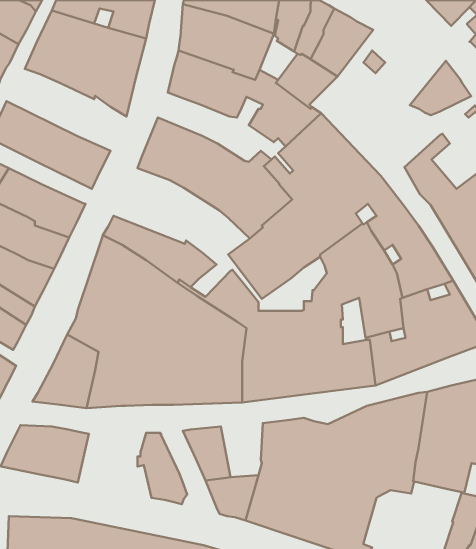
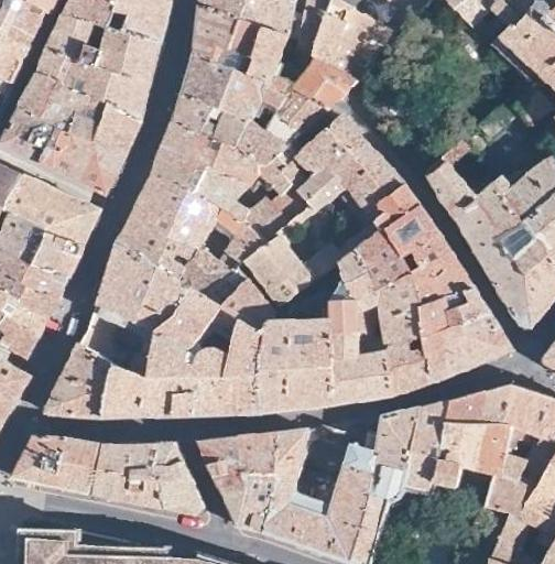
building: [410,61,471,115] -> none
building: none -> [19,72,141,155]
building: none -> [173,96,303,166]
building: none -> [128,173,266,271]
building: none -> [237,433,280,488]
building: none -> [91,443,166,509]

